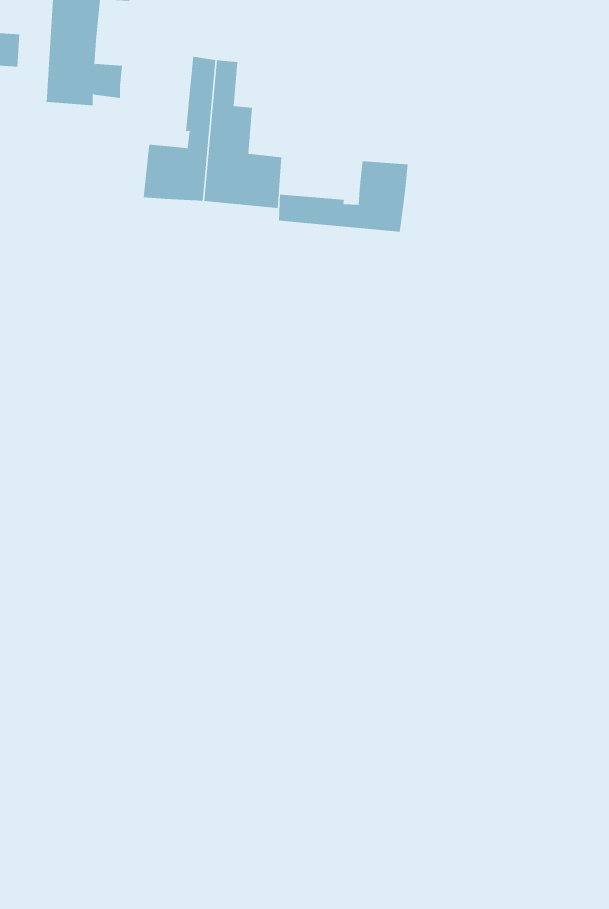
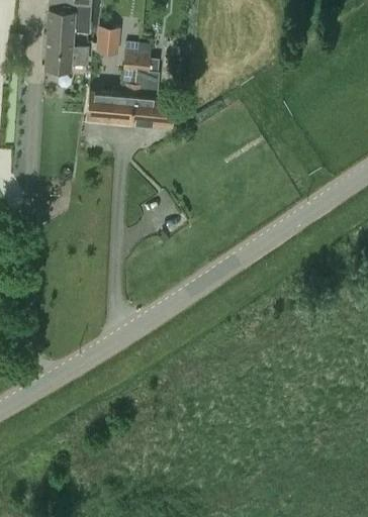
building: none -> [96,26,120,55]
building: [278,161,408,232] -> none

